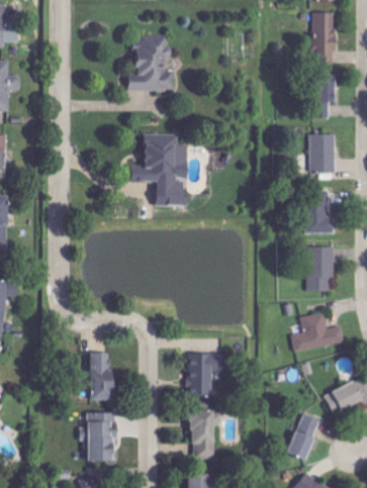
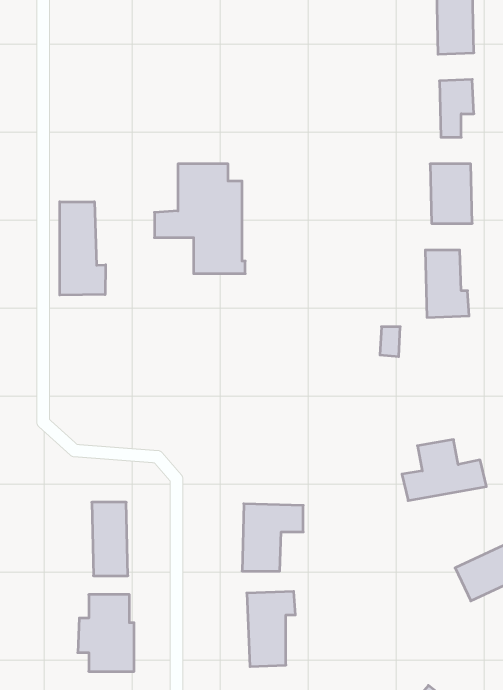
building: [127,34,173,90] -> none
building: none -> [60,202,106,295]
building: [305,247,333,291] -> none
building: [286,413,320,460] -> none

